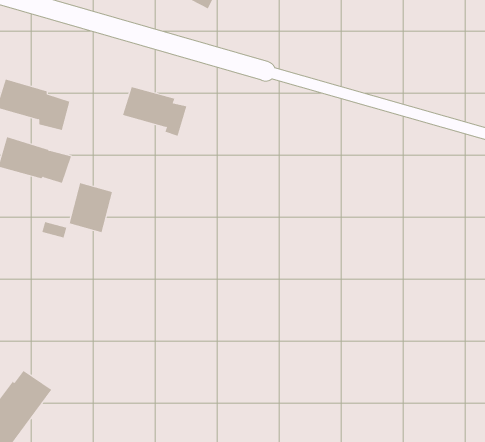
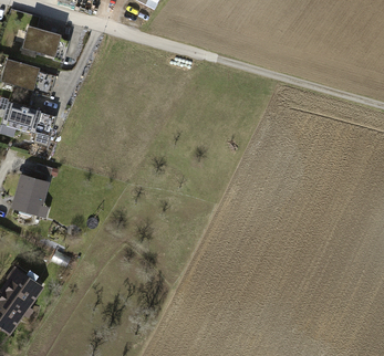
building: [122,86,187,136] -> [21,25,69,62]
building: [69,183,113,233] -> [13,176,45,212]

